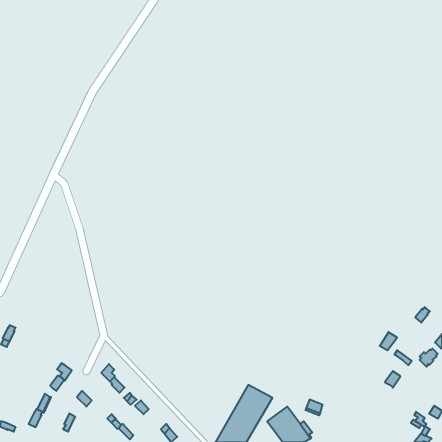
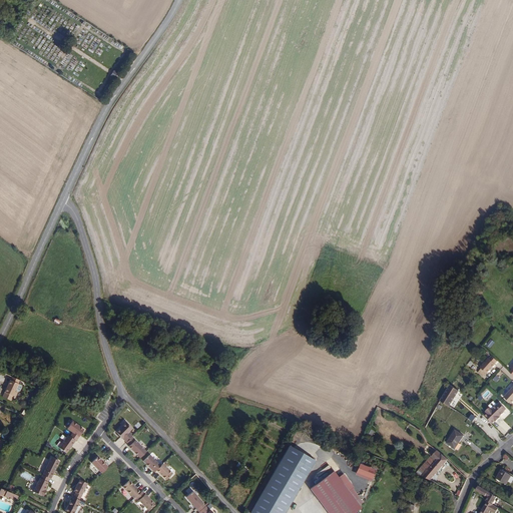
building: none -> [419,448,448,480]

